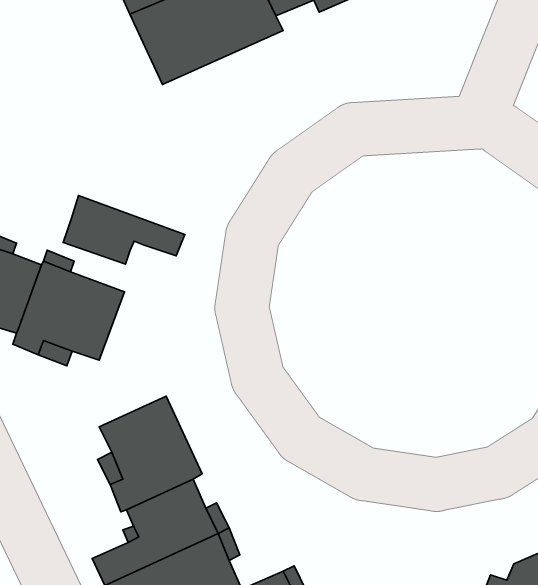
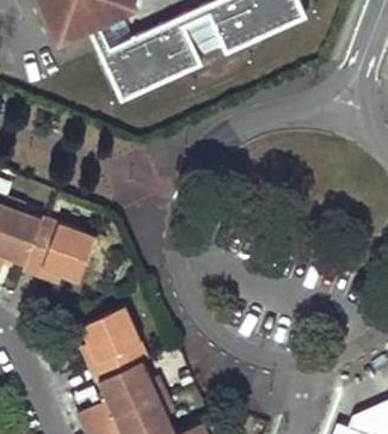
building: [63,195,185,264] -> none

